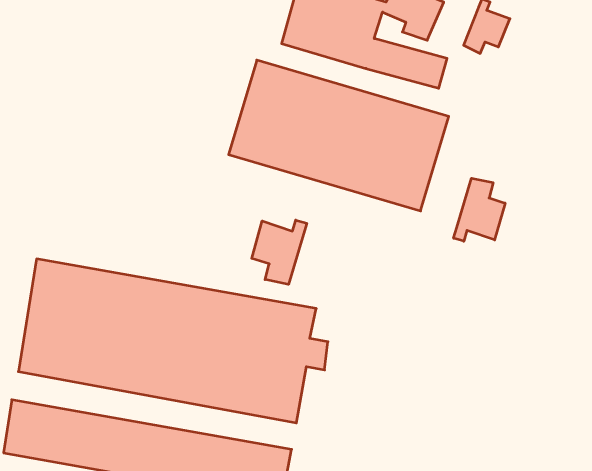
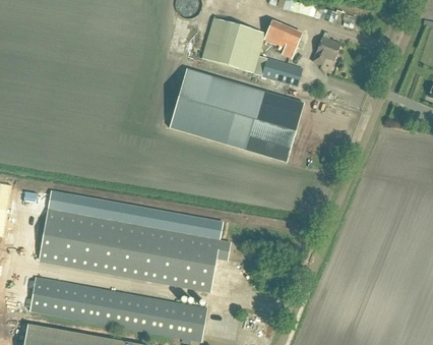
building: [454,178,505,241] -> none
building: [252,220,307,284] -> none

